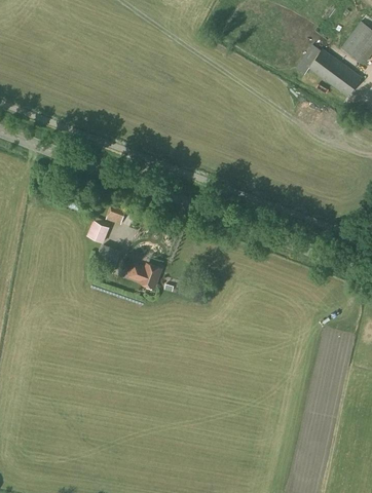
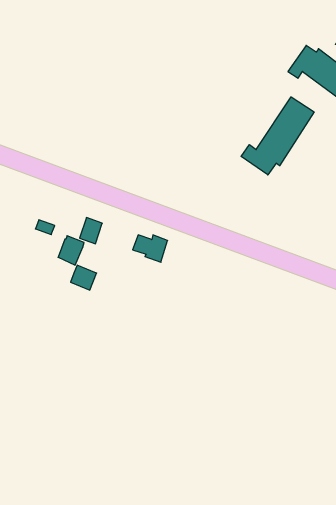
building: none -> [241,97,314,175]
building: [128,263,160,288] -> [133,235,168,262]

